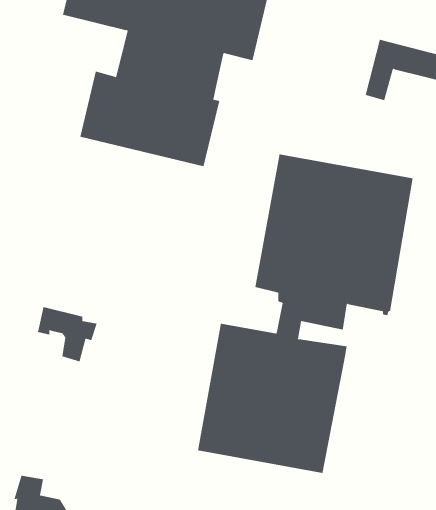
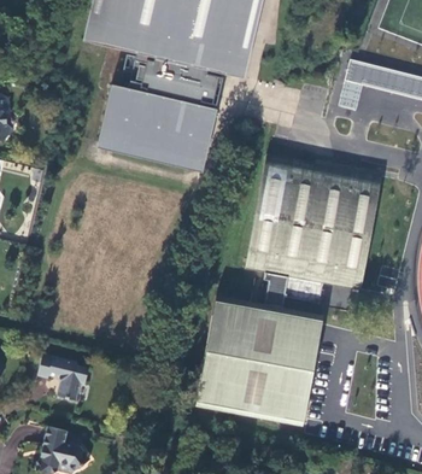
building: [37,306,97,362] -> [39,353,89,400]

